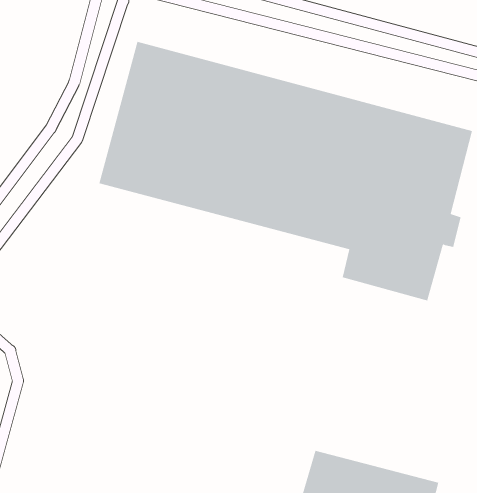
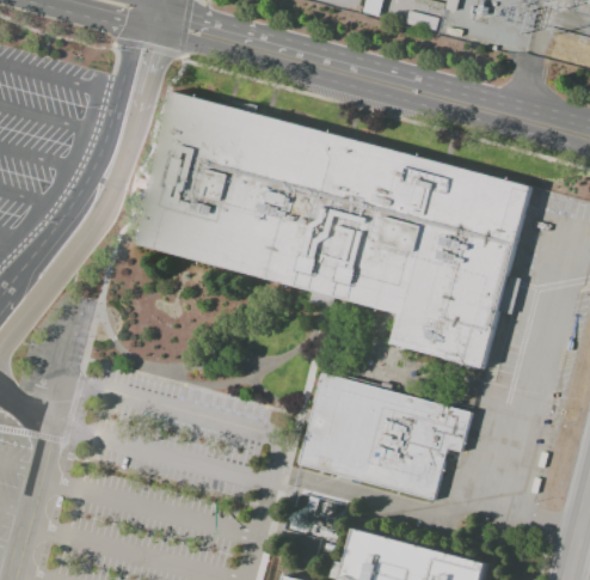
building: none -> [300,371,474,499]

